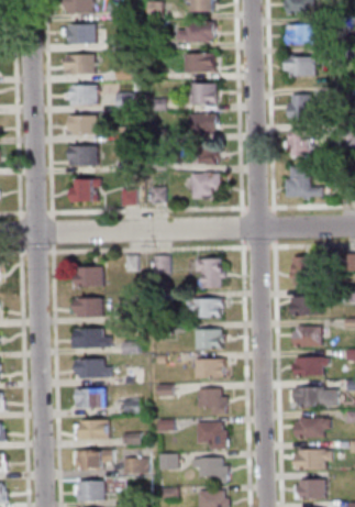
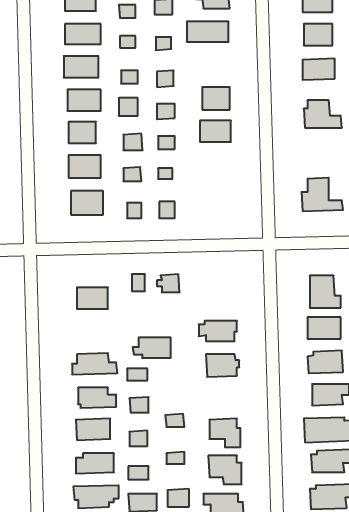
building: [187,54,218,73] -> none
building: [288,131,311,156] -> none
building: [192,144,221,164] -> none
building: [193,173,221,197] -> none
building: [197,258,226,287] -> none
building: [70,298,106,317] -> [133,338,171,358]
building: [196,359,226,377] -> none

